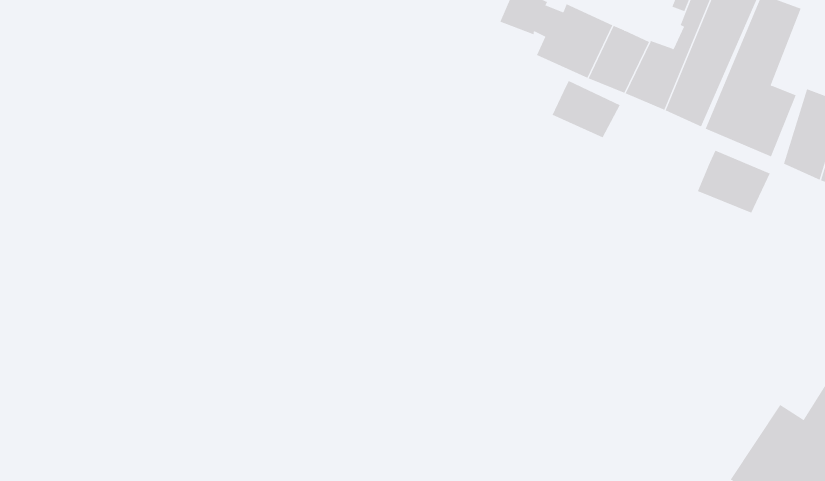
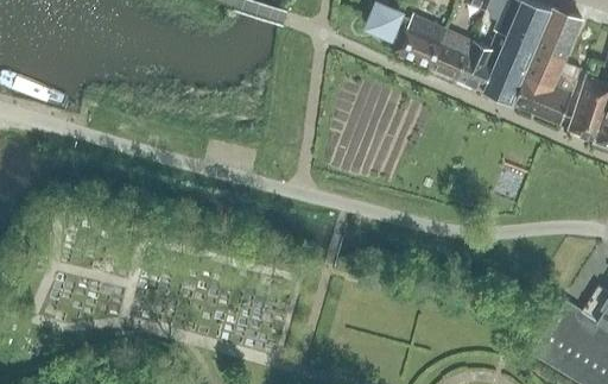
building: [552,80,621,138] -> none
building: [697,150,771,213] -> none

